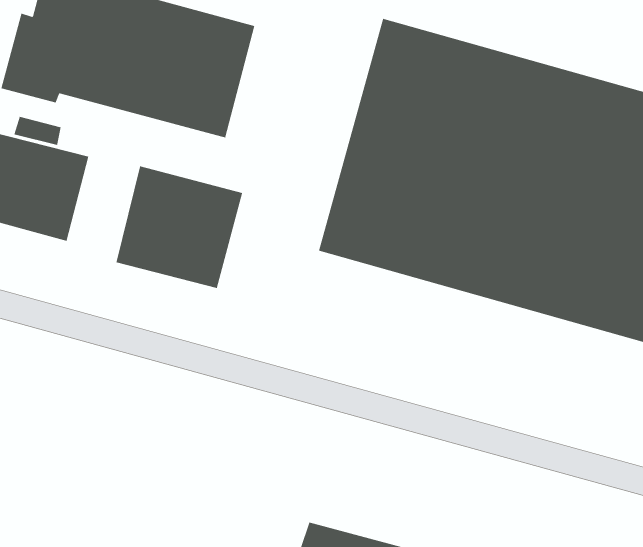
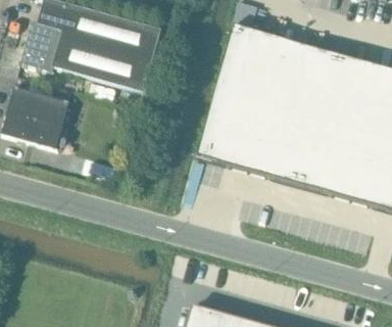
building: [116,166,243,289] -> none

